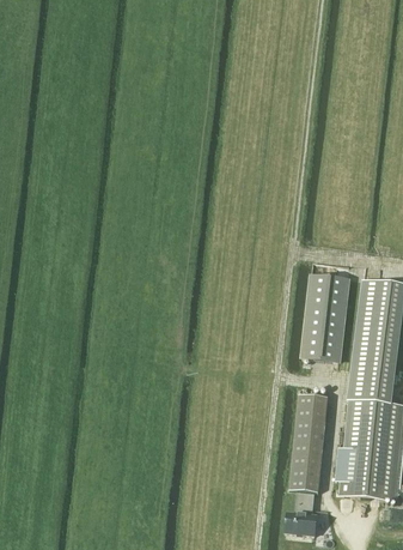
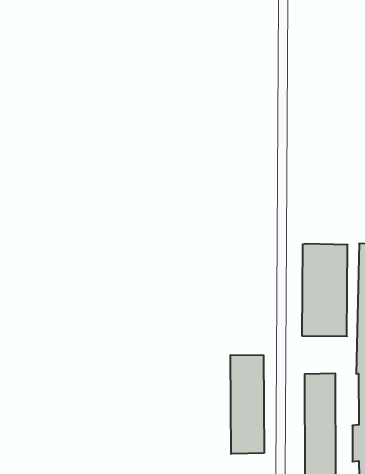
building: none -> [231,355,264,454]

